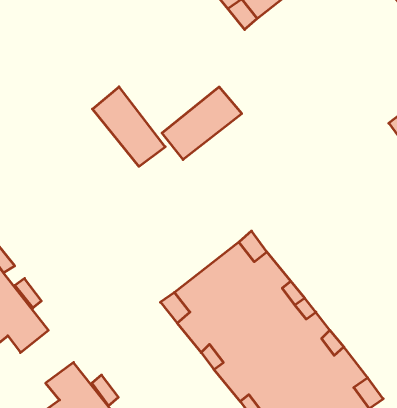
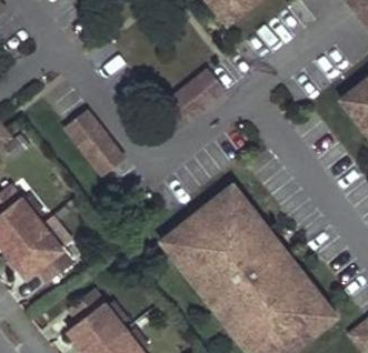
building: [92,87,165,166] -> [66,110,123,173]

